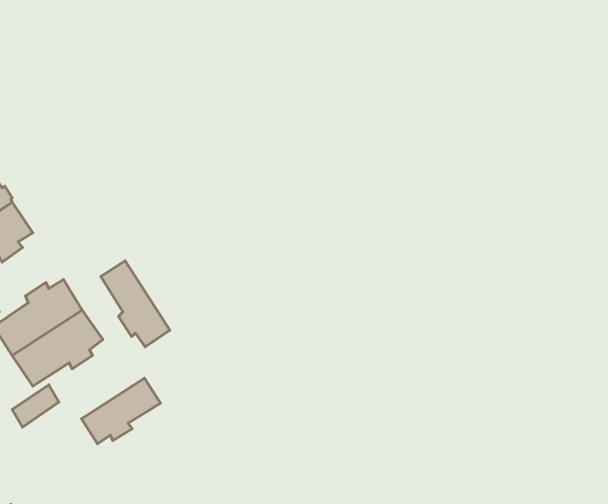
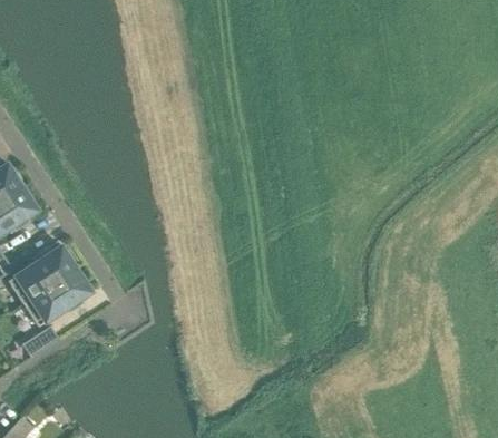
building: [101,261,170,347] -> none
building: [81,378,161,444] -> none

